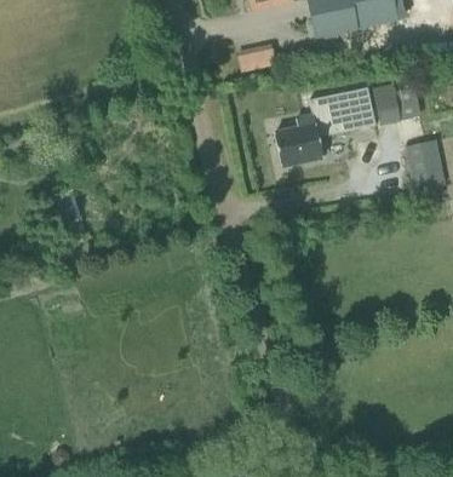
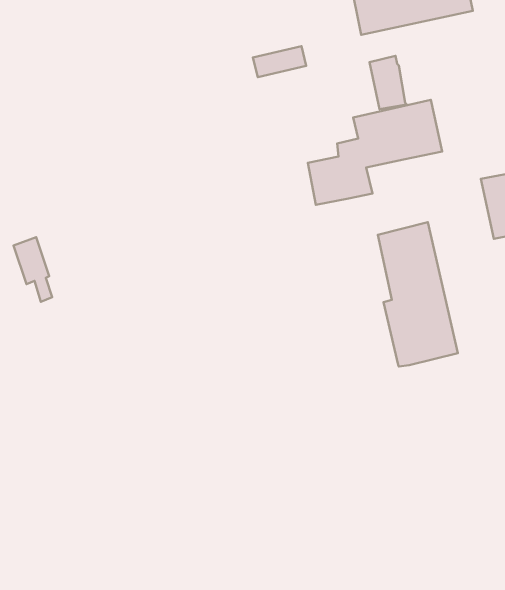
building: [372,84,400,123] -> [370,56,407,109]
building: none -> [378,222,458,367]

